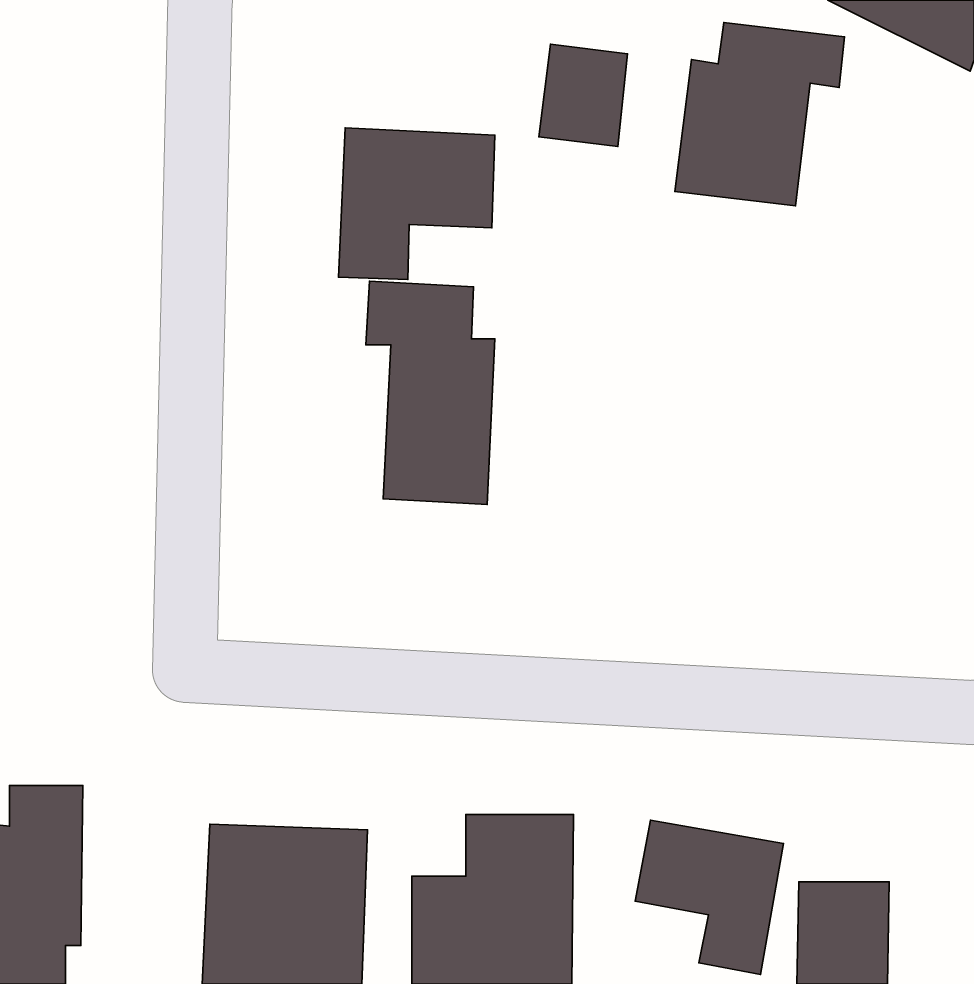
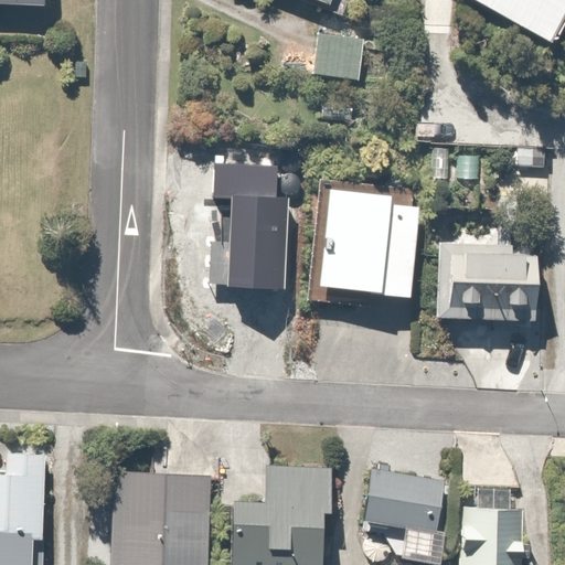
building: [675,22,844,206] -> none
building: [338,128,495,280] -> none
building: none -> [311,181,422,303]
building: none -> [439,242,536,327]

